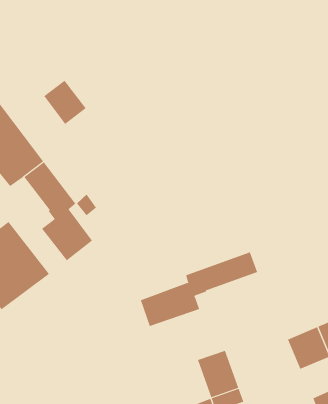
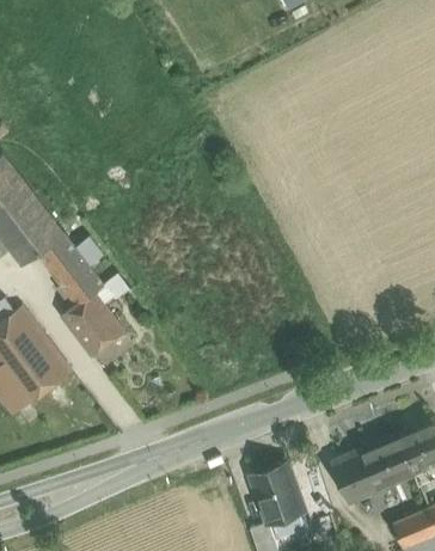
building: [43,80,87,125] -> none
building: [140,251,258,327] -> none
building: none -> [333,452,378,501]

